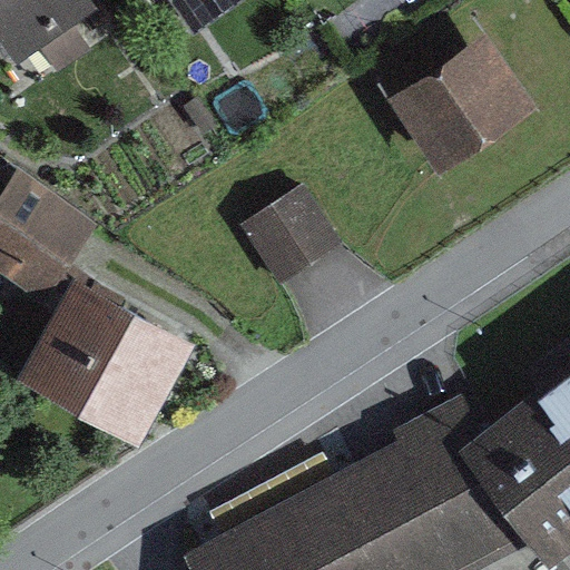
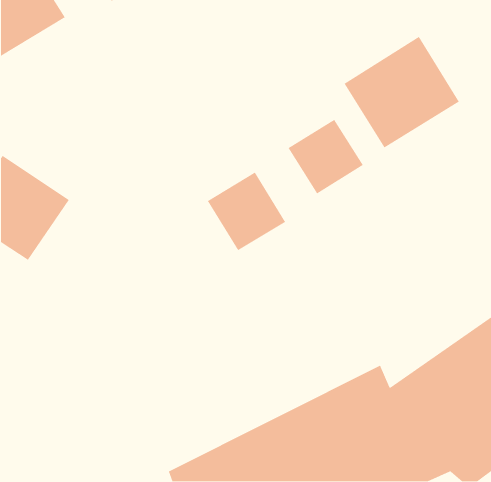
building: none -> [287,119,364,194]
building: [30,292,181,449] -> none

